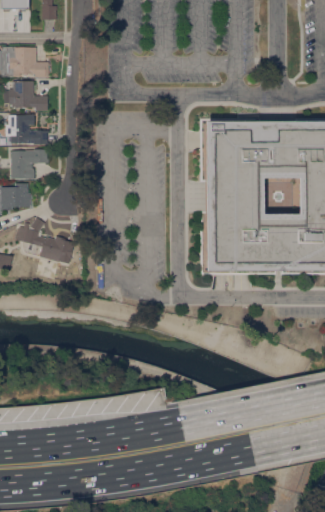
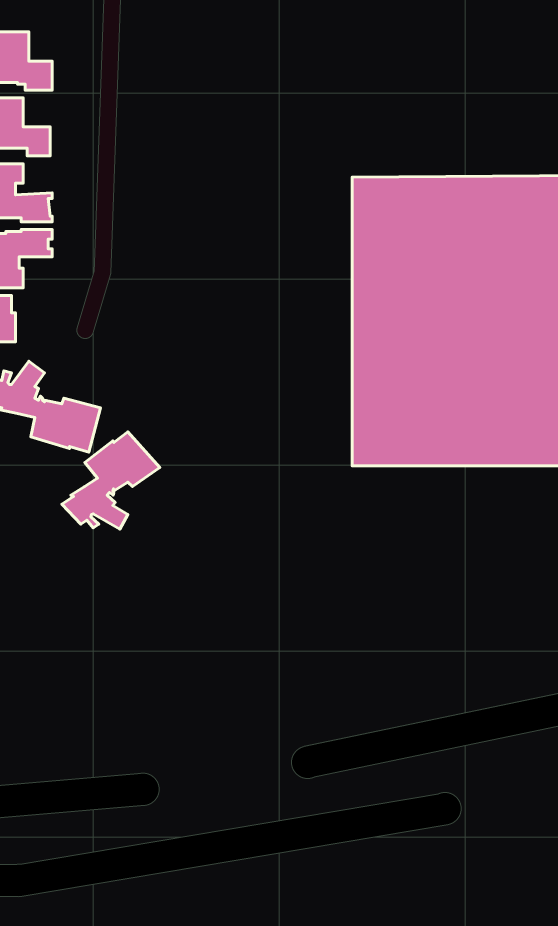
building: none -> [62,432,160,529]

